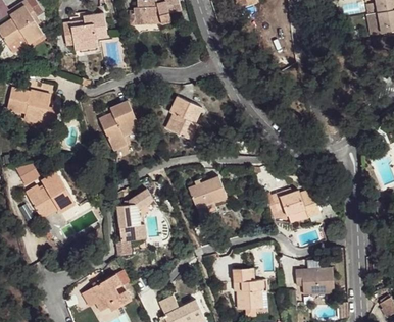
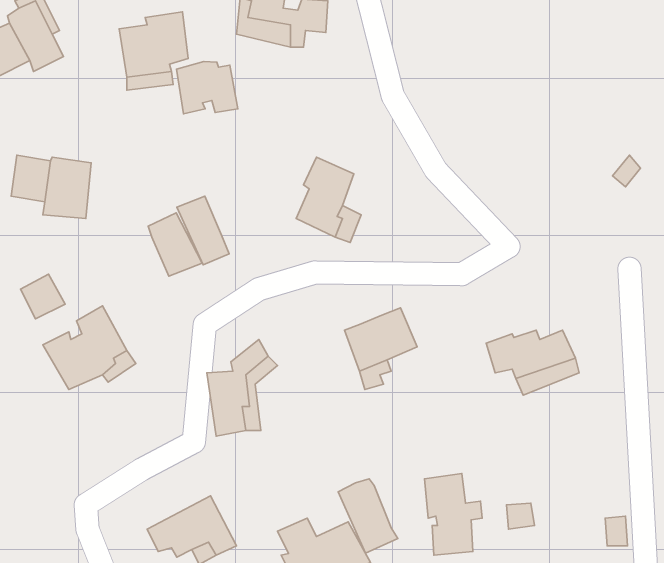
building: none -> [177,61,238,114]
building: [114,103,144,138] -> [148,213,202,276]
building: [294,266,332,291] -> none
building: none -> [338,479,398,553]

